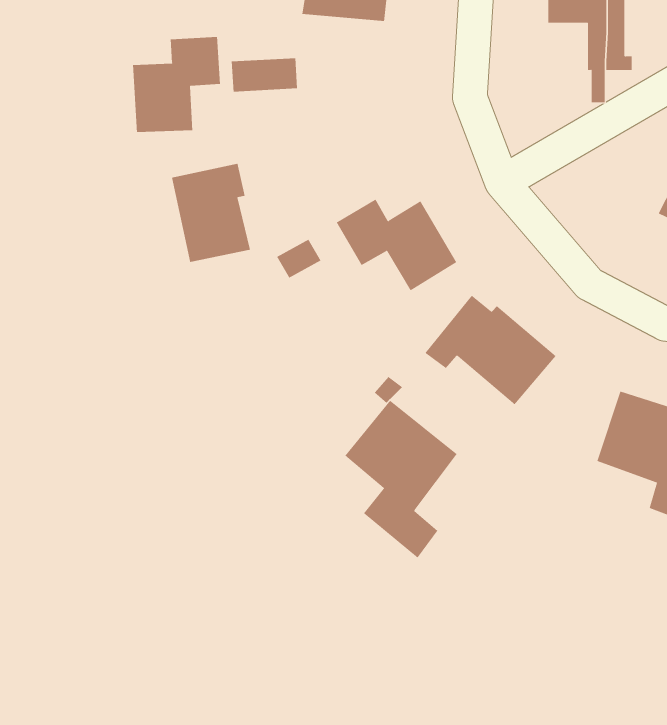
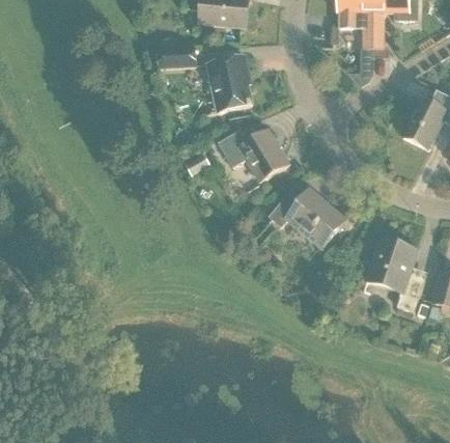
building: [133,36,220,133] -> none
building: [171,163,251,263] -> [207,55,253,112]
building: [345,400,458,558] -> none

